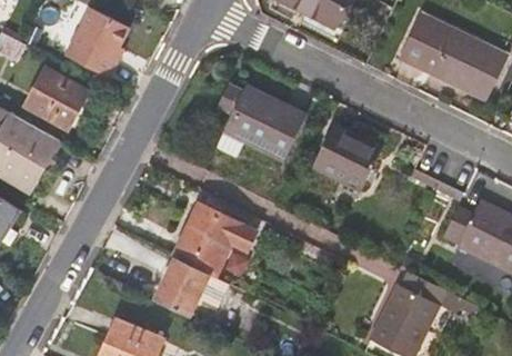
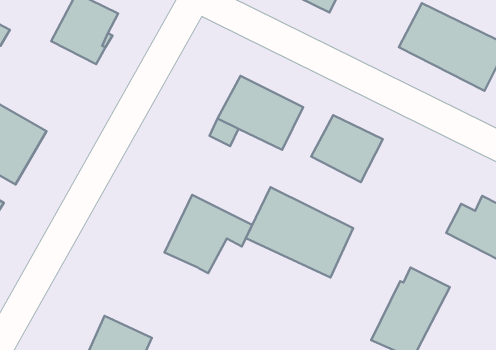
building: [27,66,88,125] -> none
building: none -> [246,187,353,277]
building: [154,257,208,314] -> none

